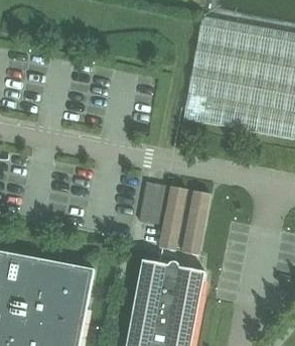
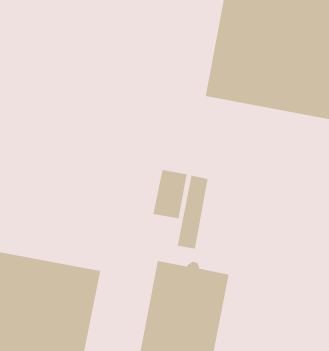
building: [182,191,209,255] -> none

